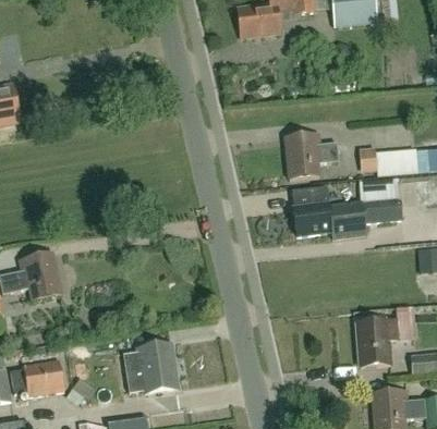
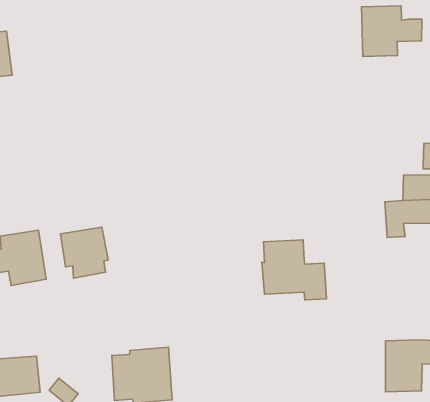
building: [286,133,339,179] -> [362,6,422,57]
building: [293,186,351,237] -> [262,240,327,300]
building: none -> [60,227,108,278]

